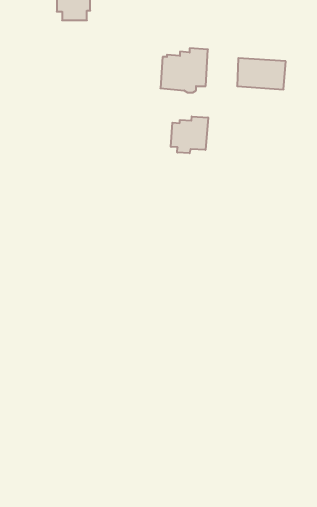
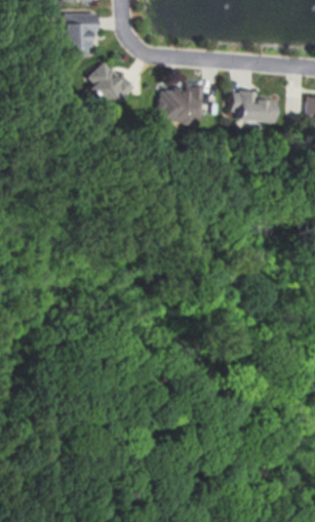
building: none -> [85,62,132,109]
building: [171,116,208,153] -> none

